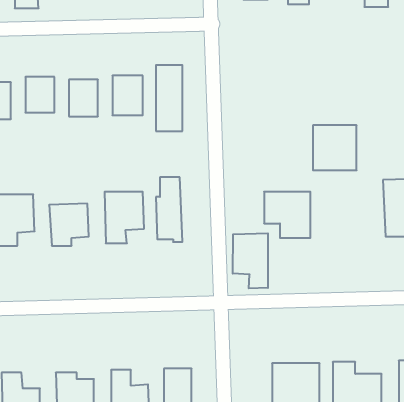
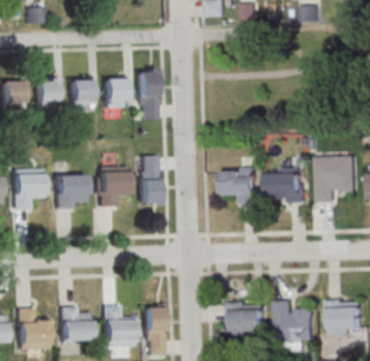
building: [313,125,357,170] -> [272,167,306,202]
building: [233,233,268,288] -> none

